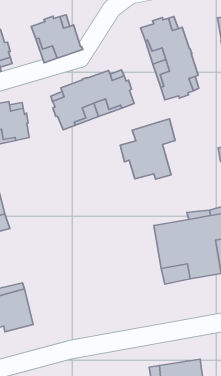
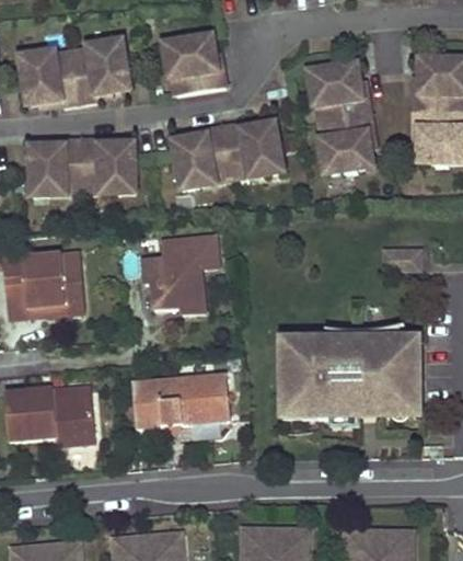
building: [120,119,175,179] -> [141,233,216,311]
building: none -> [134,375,230,427]

